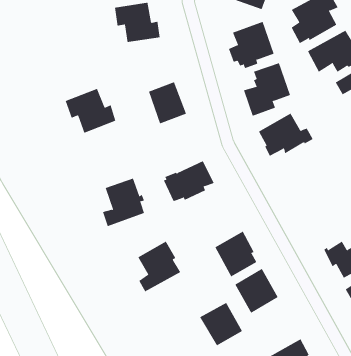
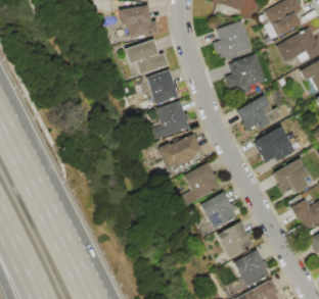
building: [65,88,116,133] -> [126,39,168,76]
building: none -> [255,127,289,162]
building: [102,178,145,227] -> [154,100,189,140]
building: none -> [273,158,309,195]
building: [137,241,181,292] -> [184,162,220,204]
building: [199,302,243,346] -> [234,251,270,287]

